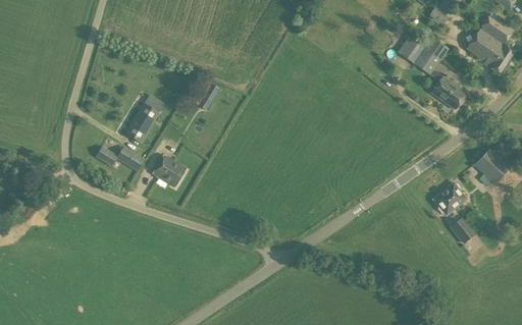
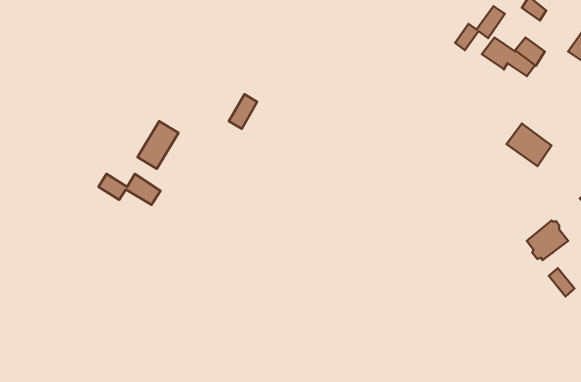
building: none -> [455,6,505,50]
building: [429,74,465,108] -> [506,123,552,166]
building: [152,154,185,184] -> none

